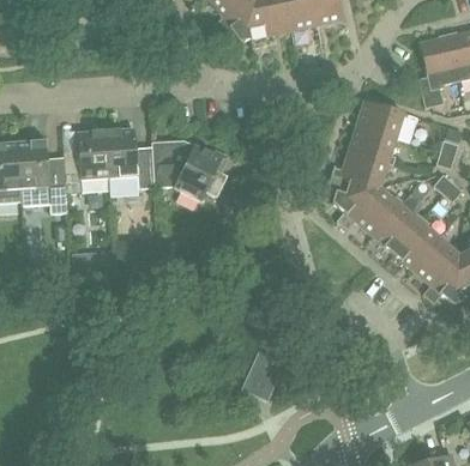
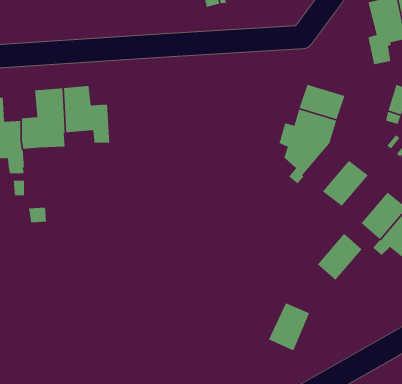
building: [356,99,418,143] -> none
building: [151,140,228,200] -> none
building: [352,187,399,236] -> none
building: [392,219,439,268] -> [317,233,363,281]
building: [241,350,284,400] -> [268,302,310,351]

